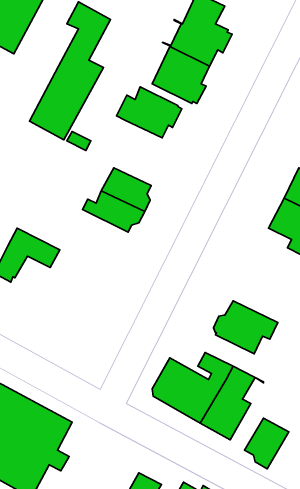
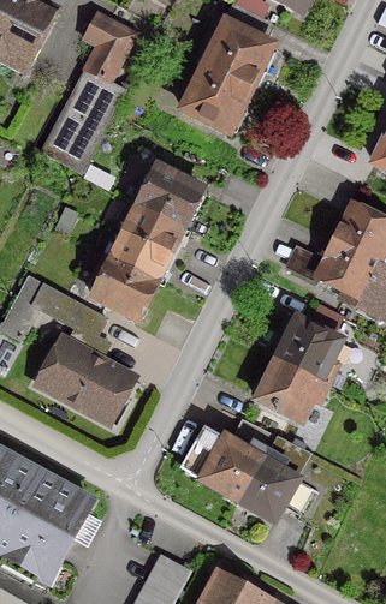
building: [116,87,182,138] -> [127,167,203,226]
building: none -> [81,247,154,318]
building: none -> [275,319,339,384]
building: none -> [36,339,132,421]
building: [245,418,289,469] -> none

